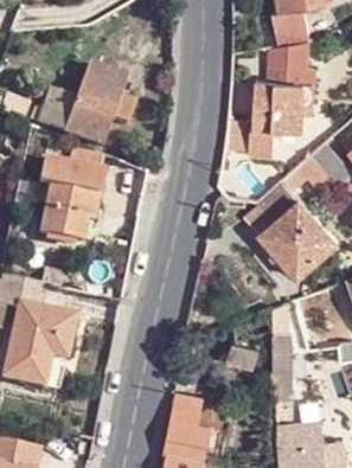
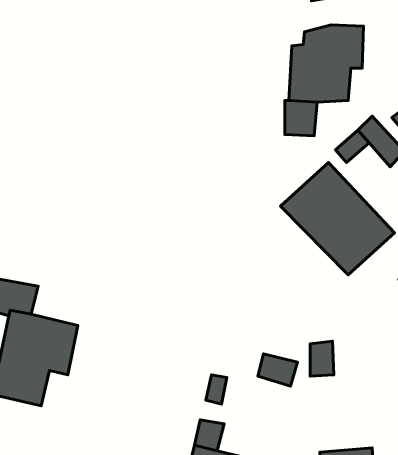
building: [30,64,137,143] -> none
building: [37,154,104,244] -> none

